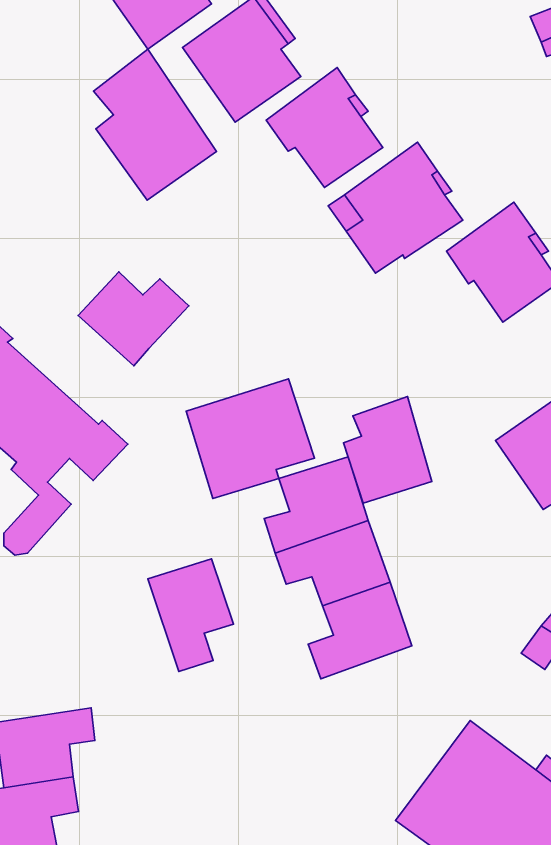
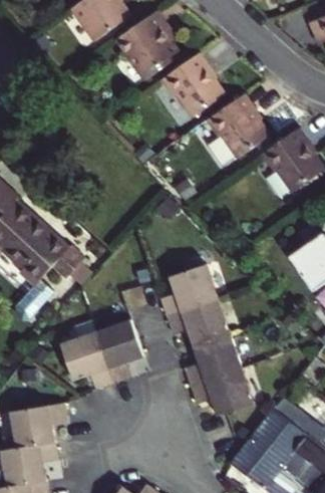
building: [93,49,216,200] -> none
building: [78,272,189,366] -> none
building: [186,379,314,498] -> none
building: [344,396,432,503] -> none
building: none -> [59,331,112,389]
building: none -> [191,368,253,417]

